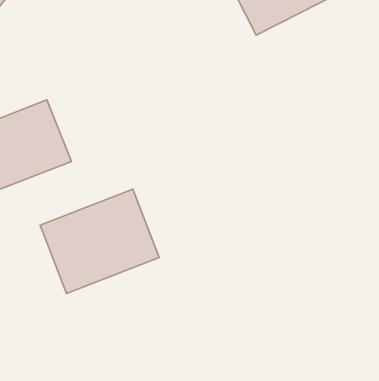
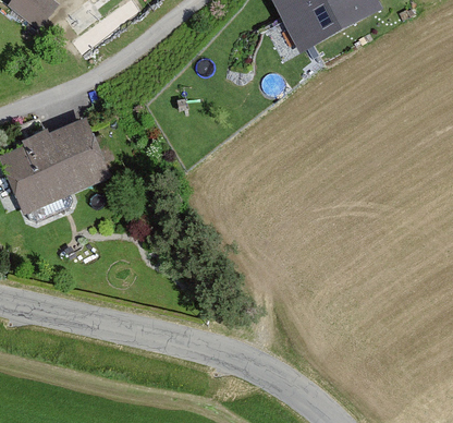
building: [40,189,159,294] -> none

